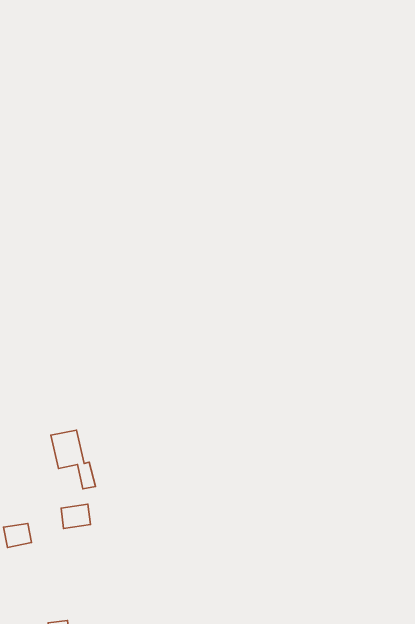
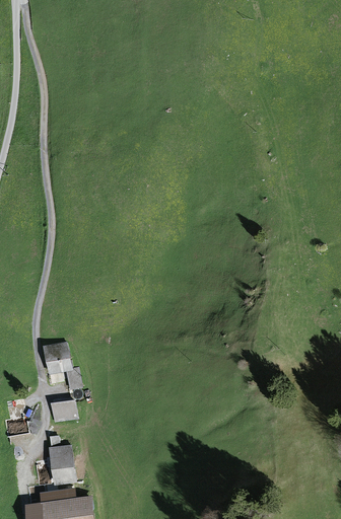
building: none -> [48,438,74,483]

